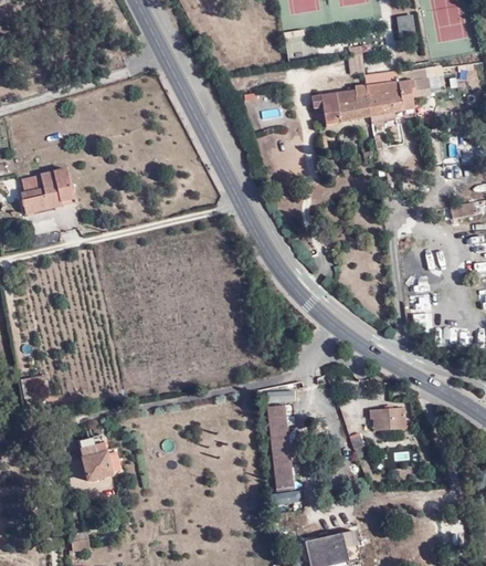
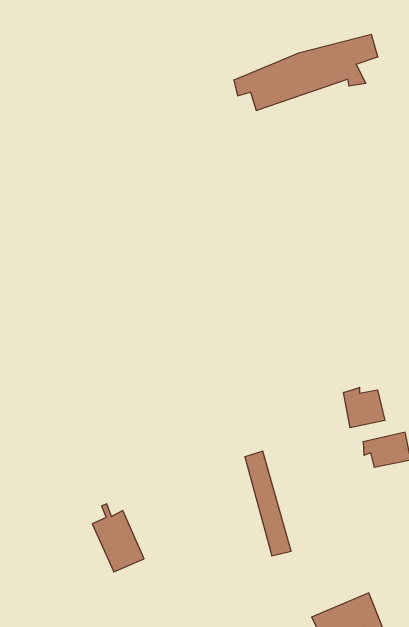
building: none -> [343,387,385,428]
building: [75,423,113,480] -> [92,504,144,572]

